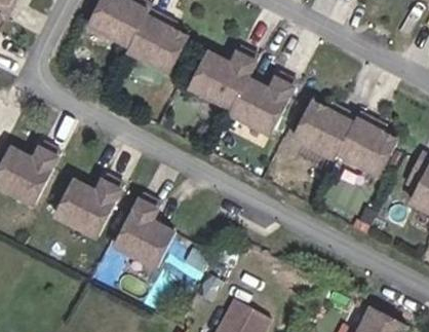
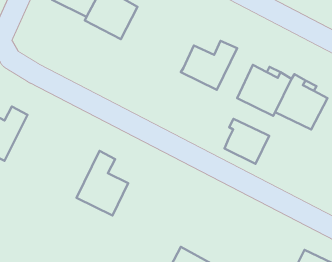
building: [193,46,257,102] -> none
building: none -> [225,119,269,164]
building: [57,176,123,237] -> none

